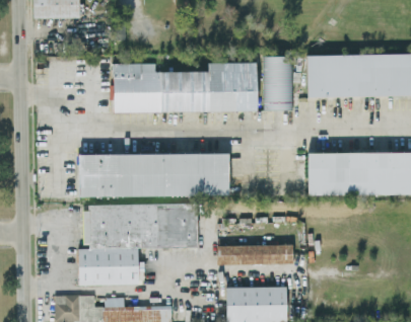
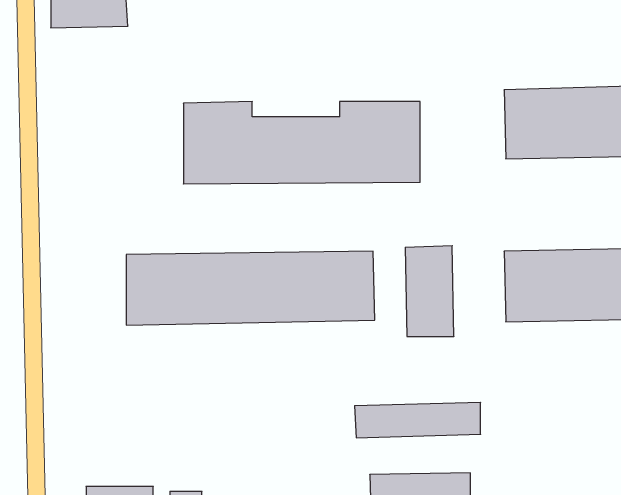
building: [264,56,293,110] -> [405,246,454,336]
building: [78,204,198,285] -> none

